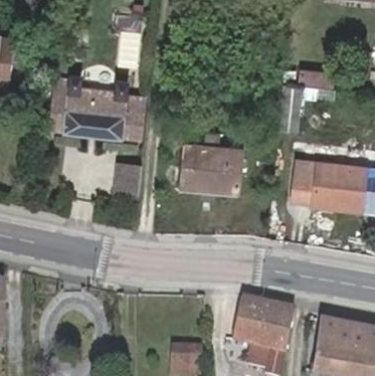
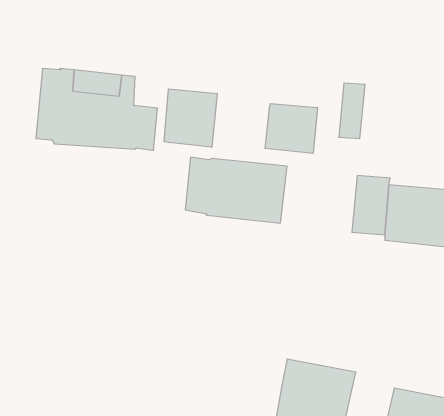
building: none -> [164,89,217,147]
building: none -> [265,104,318,153]
building: [112,162,142,200] -> none

